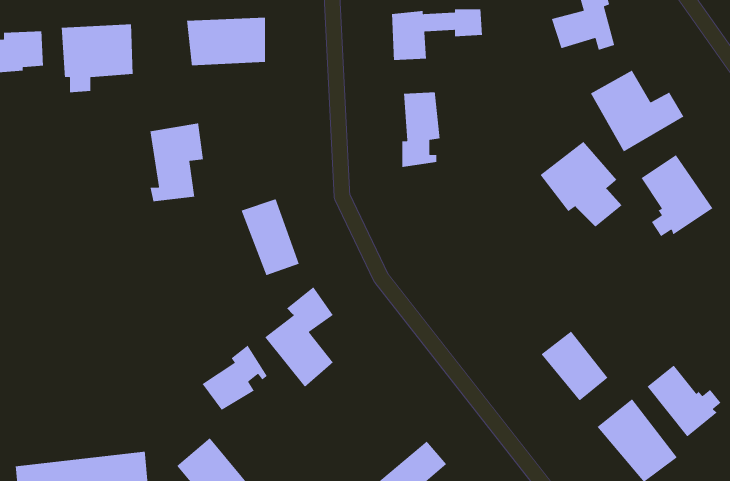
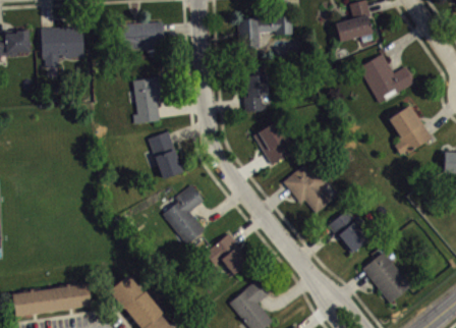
building: [150,122,204,202] -> [132,76,165,124]
building: [539,141,623,227] -> [283,161,333,213]
building: none -> [251,121,295,165]
building: [201,344,268,411] -> none
building: [647,365,722,437] -> none
building: none -> [206,234,248,275]

